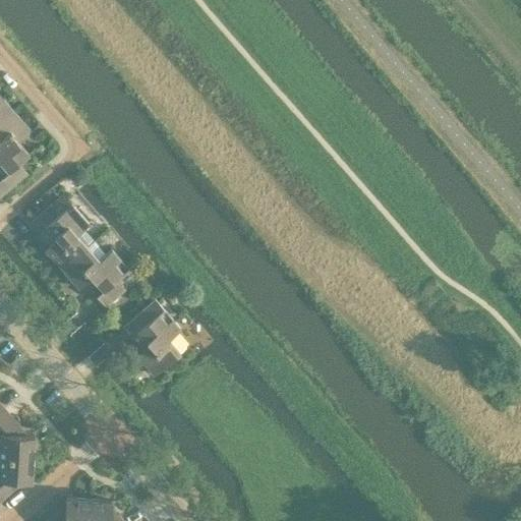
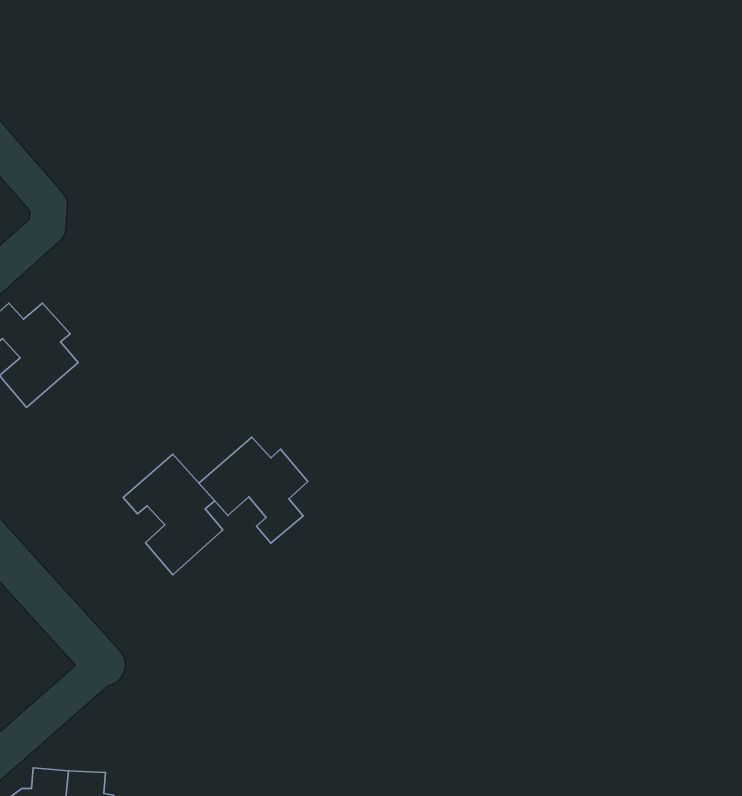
building: [60,242,127,307] -> none
building: none -> [199,437,308,543]

